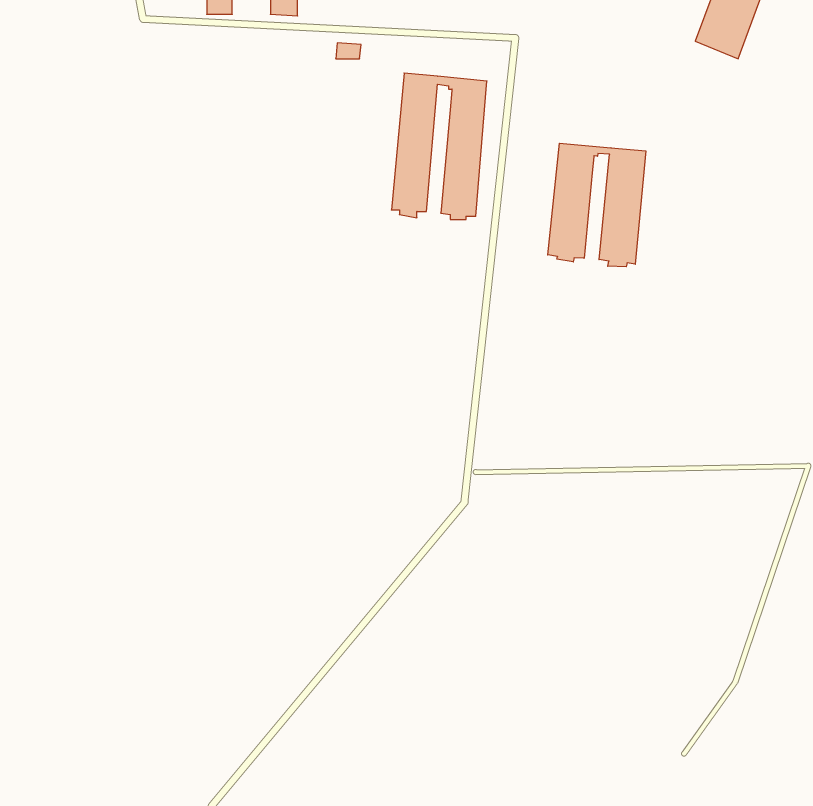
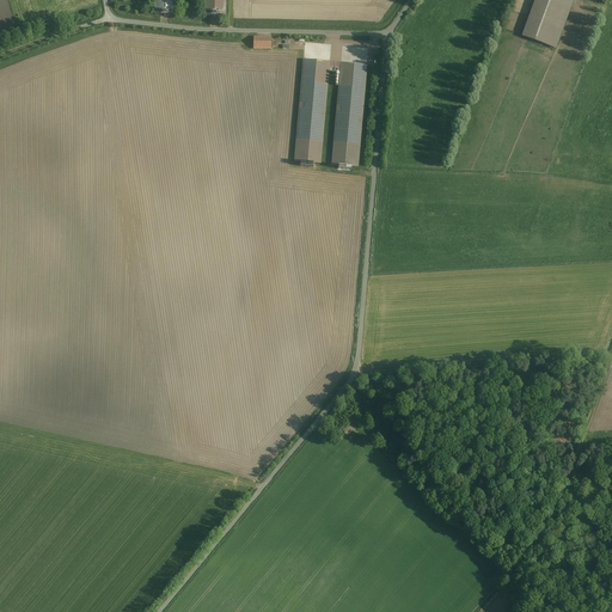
building: [548,143,646,267] -> none

